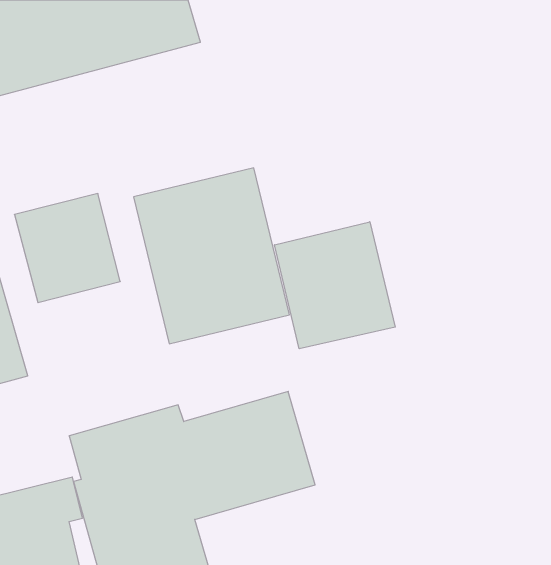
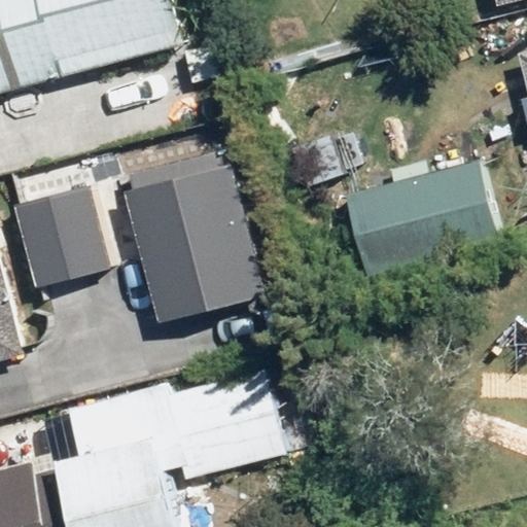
building: none -> [348,163,503,274]
building: [275,222,395,349] -> none

